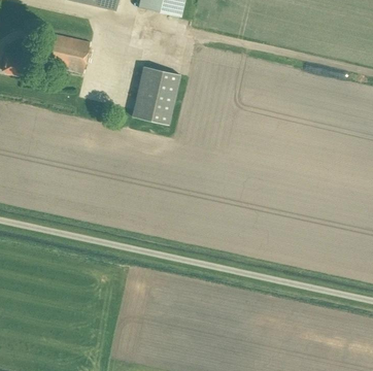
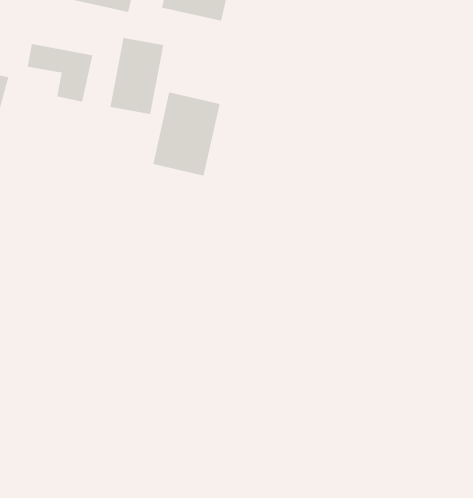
building: none -> [110,37,164,115]

